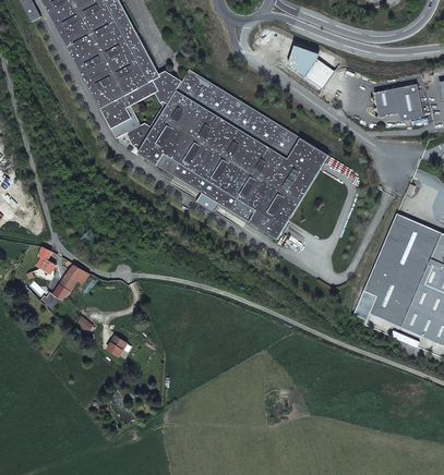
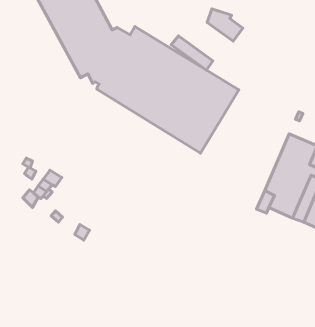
building: none -> [171,36,213,70]
building: [373,84,423,121] -> none

